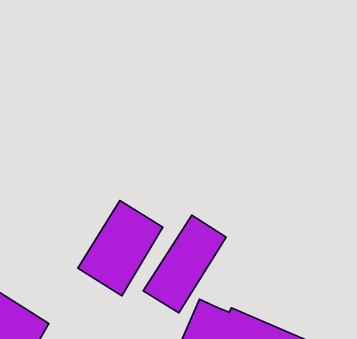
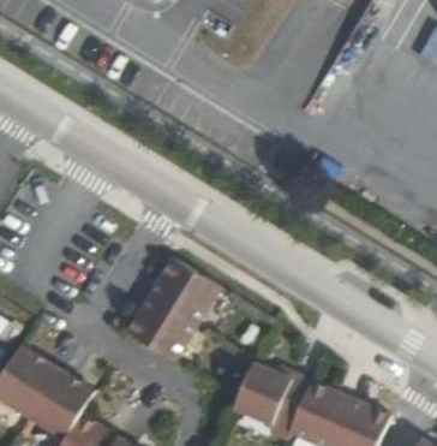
building: [143,215,226,313] -> none

